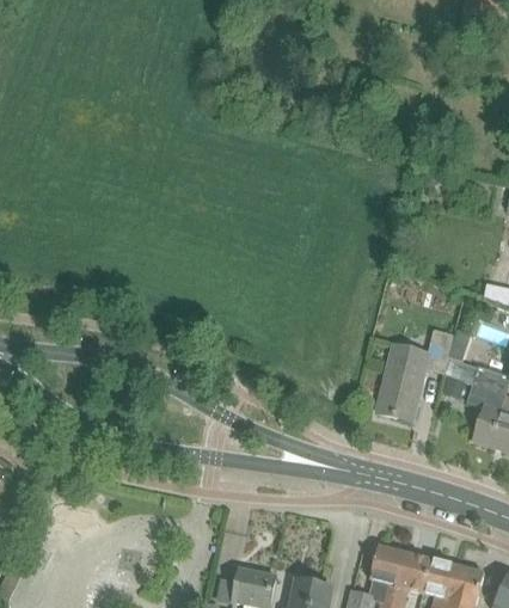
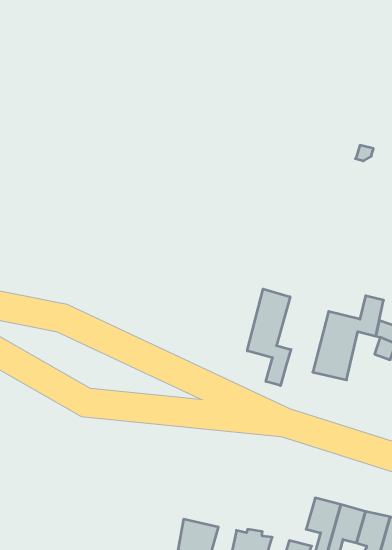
building: none -> [247,289,291,386]

